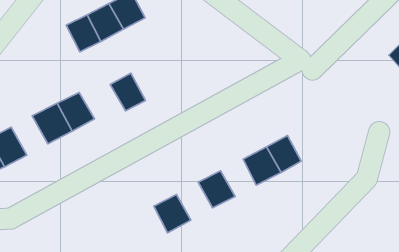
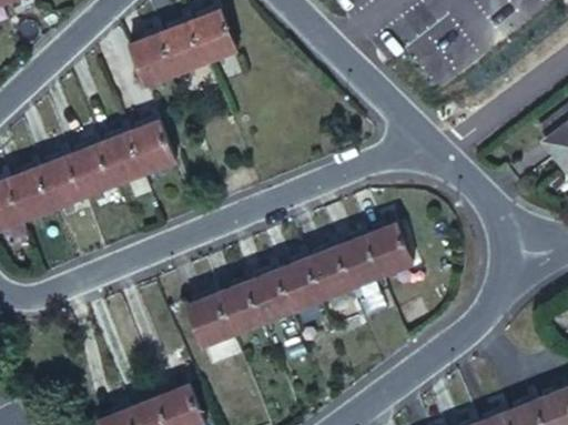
building: [110,73,146,111] -> [130,127,173,174]
building: none -> [37,160,81,210]
building: none -> [300,251,343,297]
building: none -> [239,273,283,321]
building: none -> [182,296,221,342]

